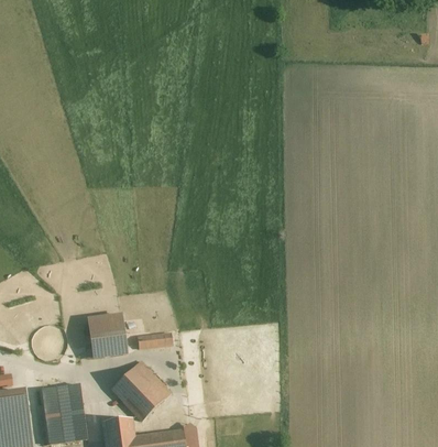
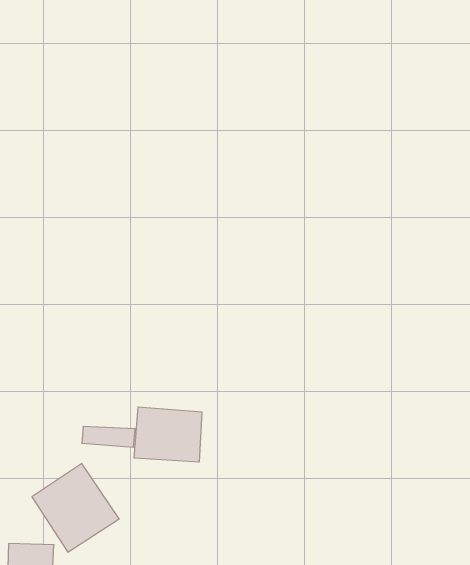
building: [87,313,125,357] -> none
building: none -> [134,407,202,462]

